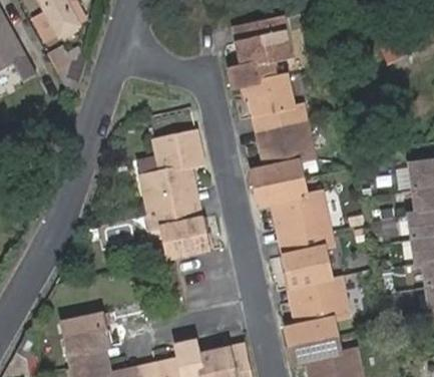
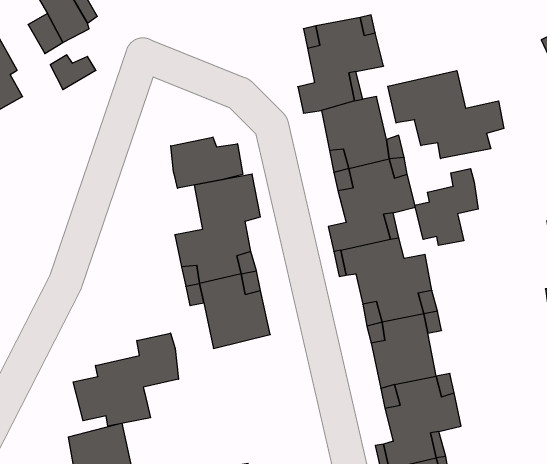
building: none -> [388,71,504,159]
building: none -> [171,137,243,188]
building: none -> [415,169,478,245]
building: none -> [73,333,178,426]

